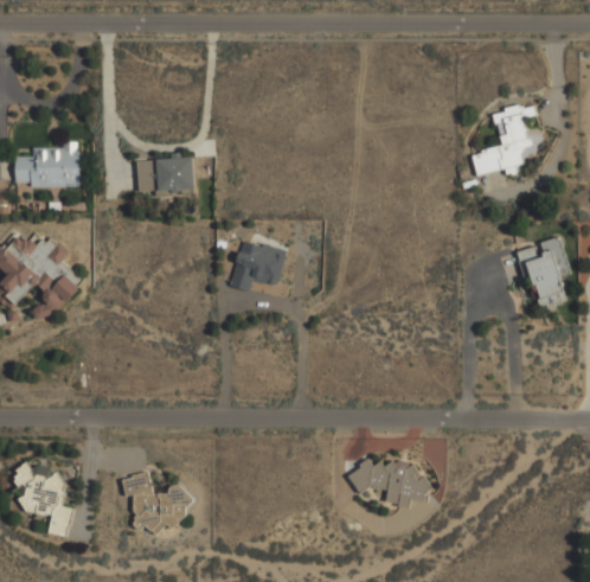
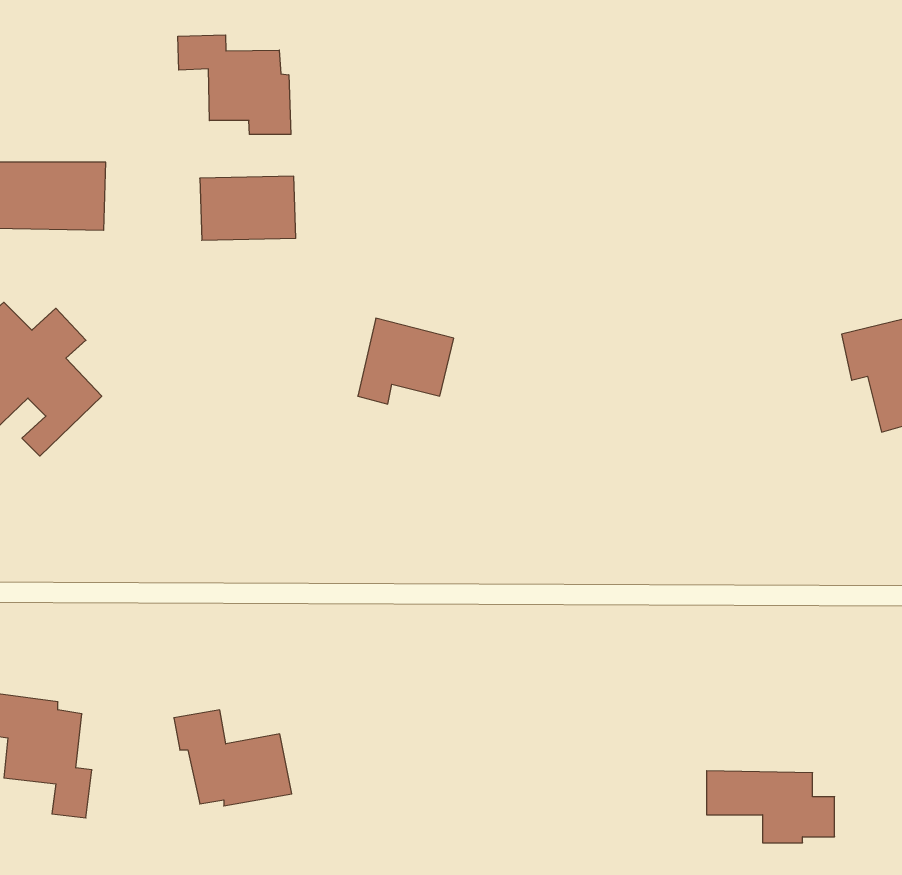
building: none -> [178,35,291,134]
building: [470,102,541,175] -> none
building: [353,462,429,505] -> [707,771,835,843]

